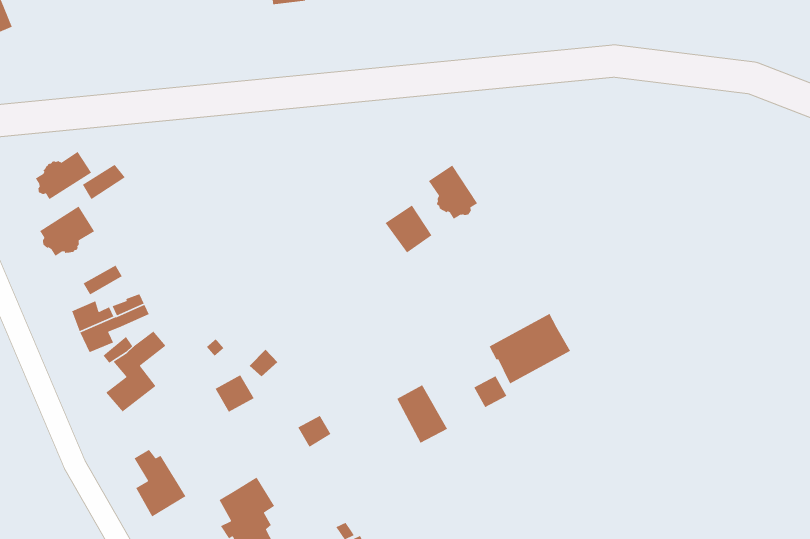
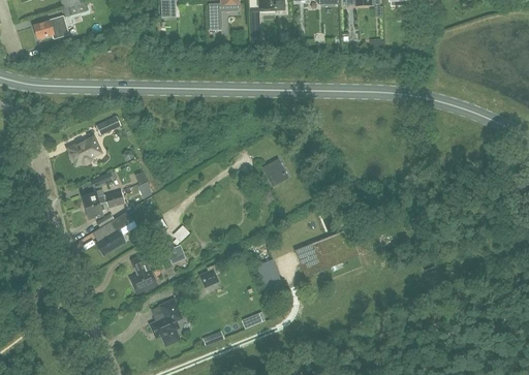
building: [35,151,92,200] -> none
building: [428,165,478,220] -> none
building: [133,449,186,517] -> [128,255,156,293]

